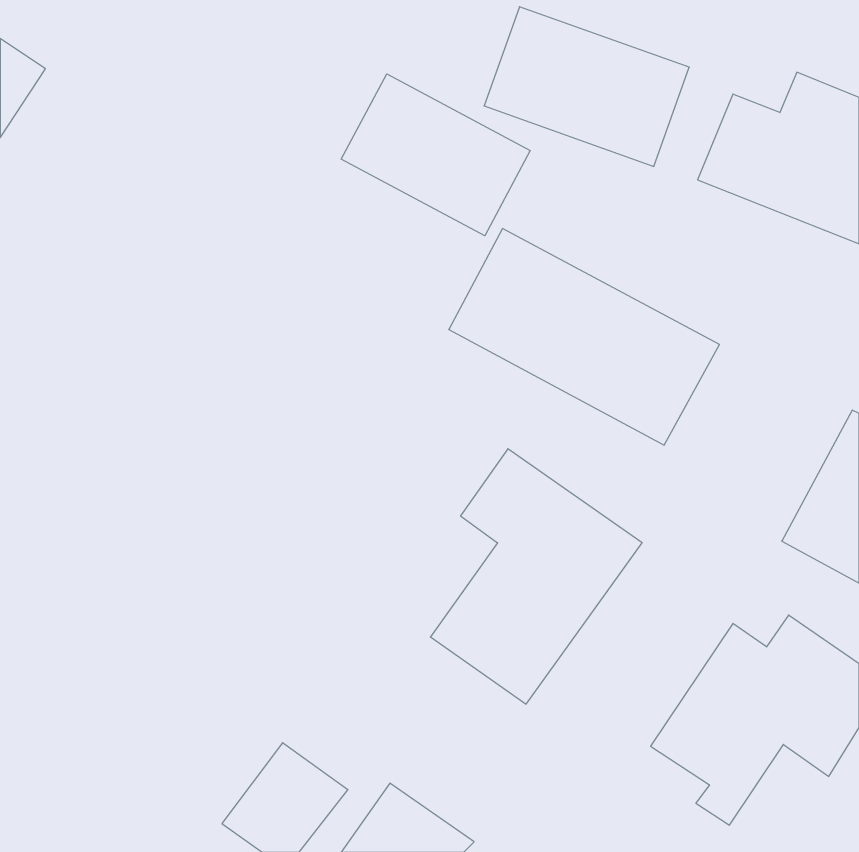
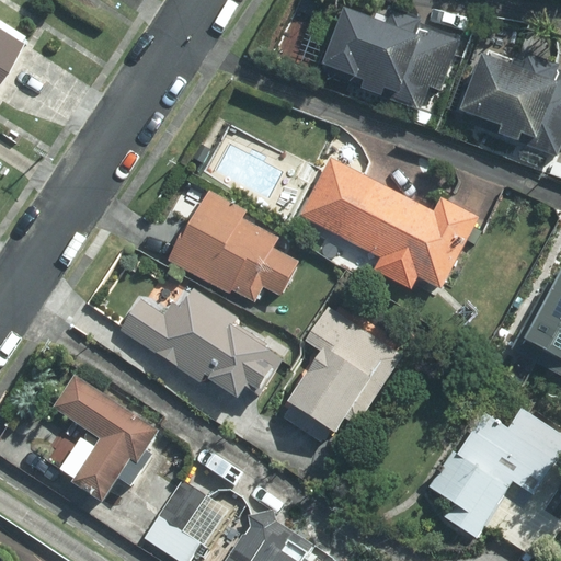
building: [341,74,530,236] -> none
building: none -> [172,195,301,300]
building: none -> [118,290,291,421]
building: none -> [50,370,161,504]

